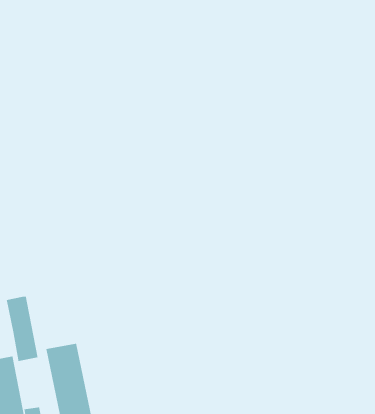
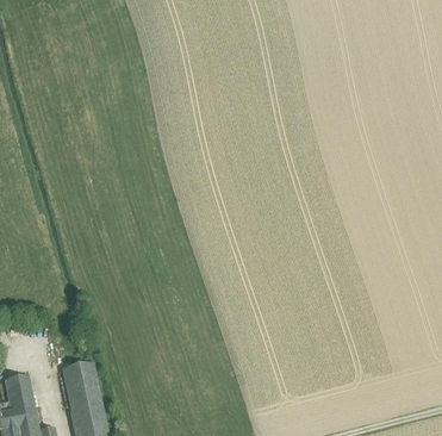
building: [6,296,38,362] -> none

